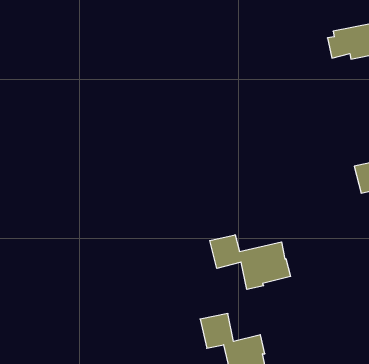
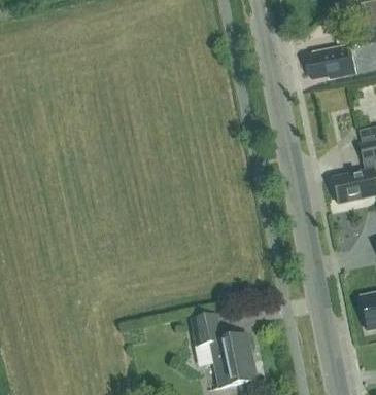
building: [210,235,291,289] -> none

